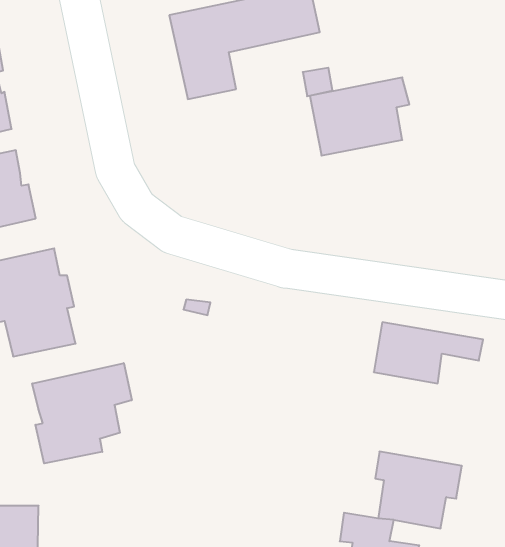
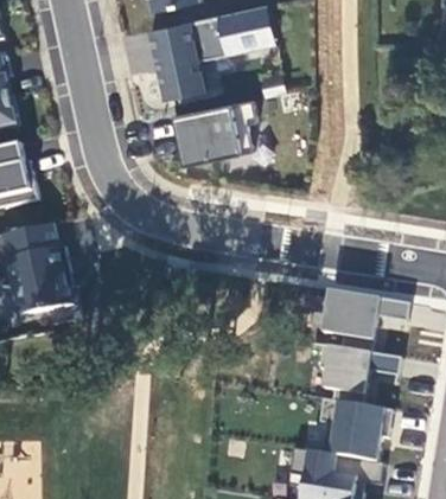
building: [310,77,409,156] -> [174,102,257,167]
building: [32,363,132,463] -> none
building: none -> [321,344,402,394]

